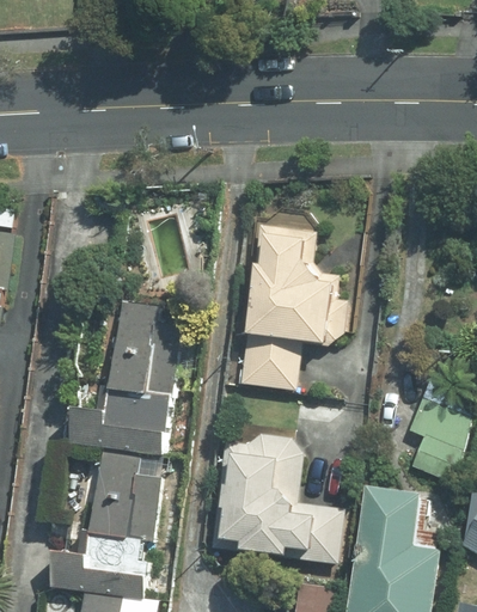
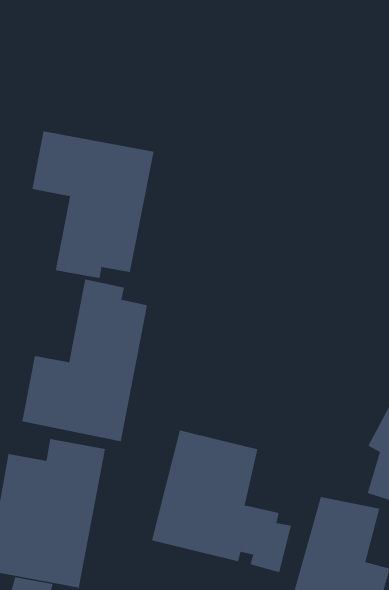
building: none -> [32,131,154,279]
building: [237,224,345,392] -> none

